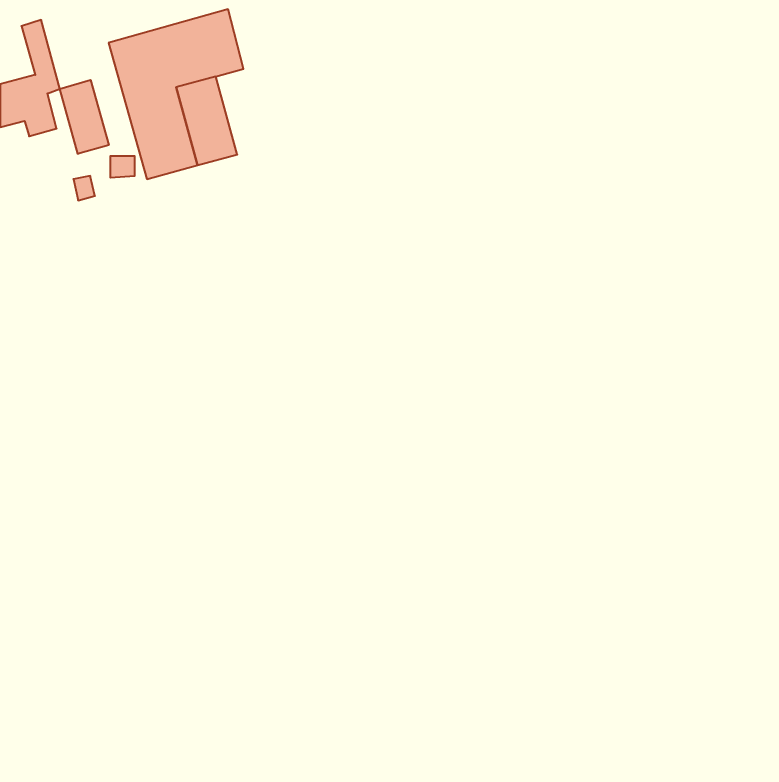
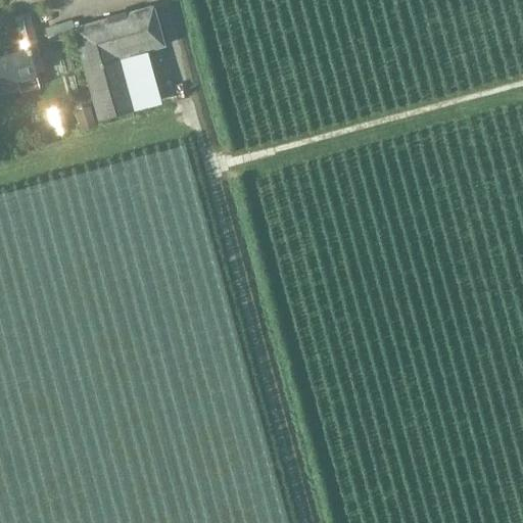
building: [60,80,109,154] -> none

